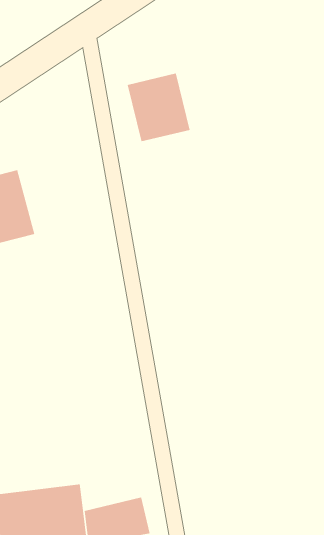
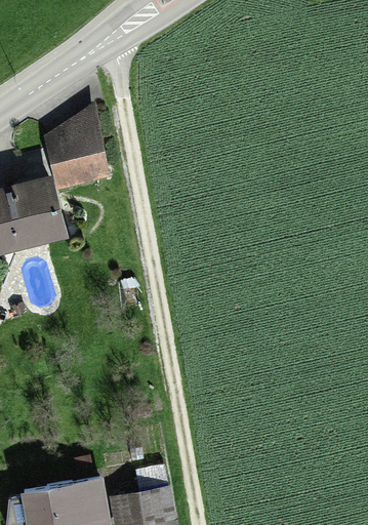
building: [127,73,191,142] -> [46,121,107,187]

